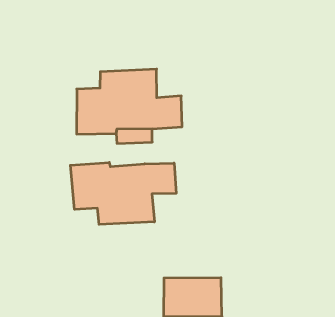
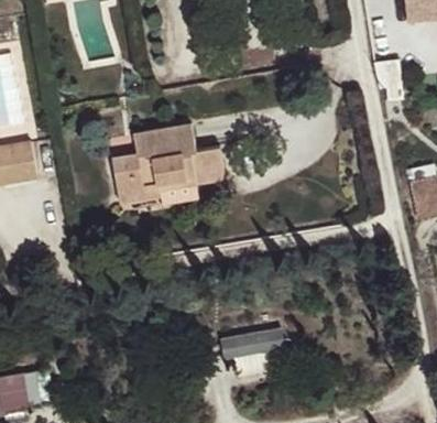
building: [70,162,176,224] -> none

